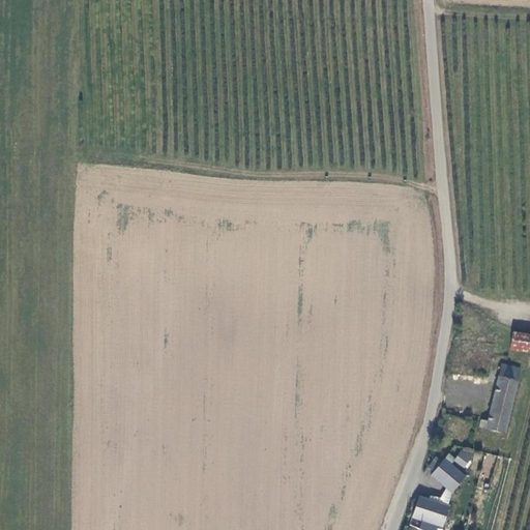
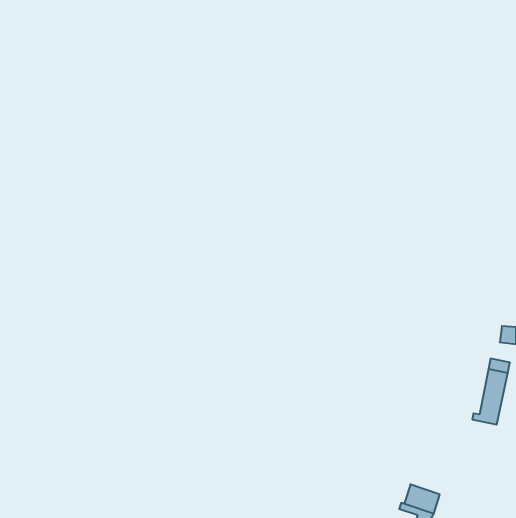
building: [434,450,469,488] -> none

